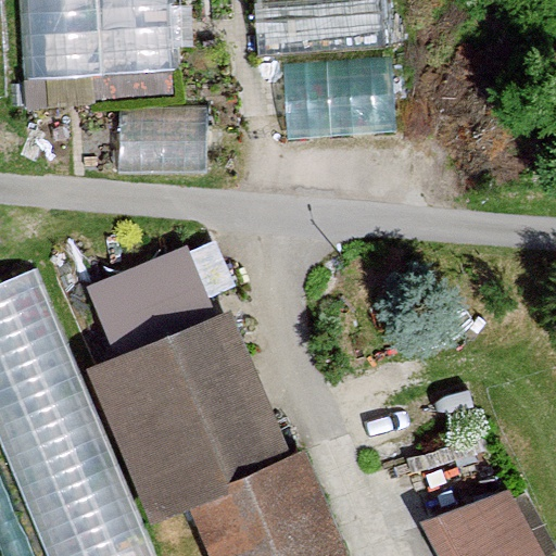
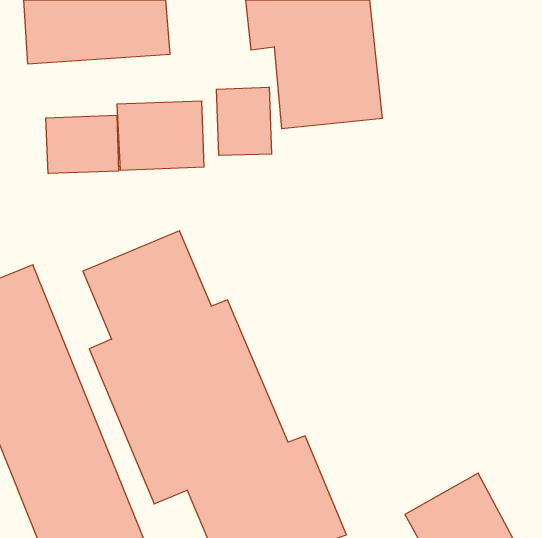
building: none -> [216,87,272,155]
building: none -> [46,115,118,174]

